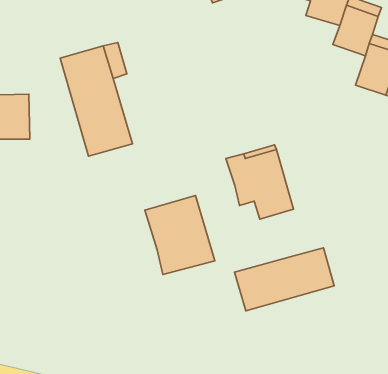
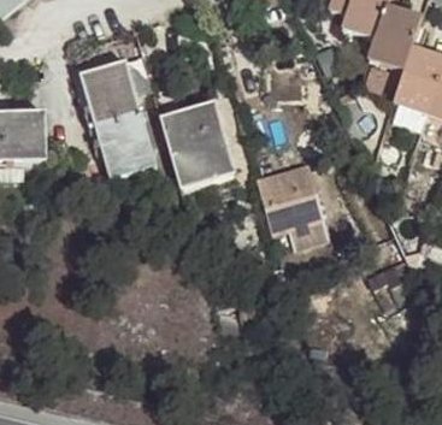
building: [145,196,215,274] -> [159,101,234,185]
building: [235,248,334,311] -> none

